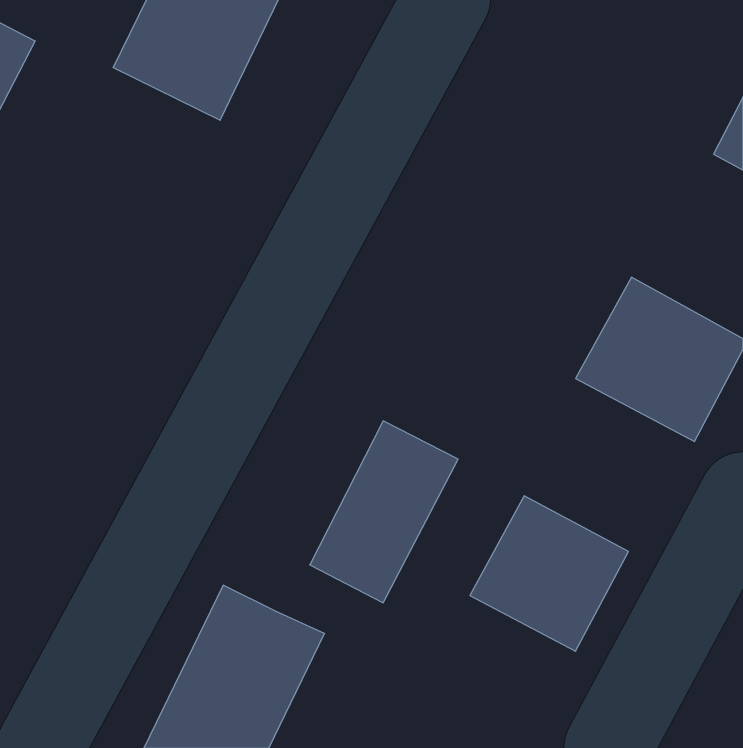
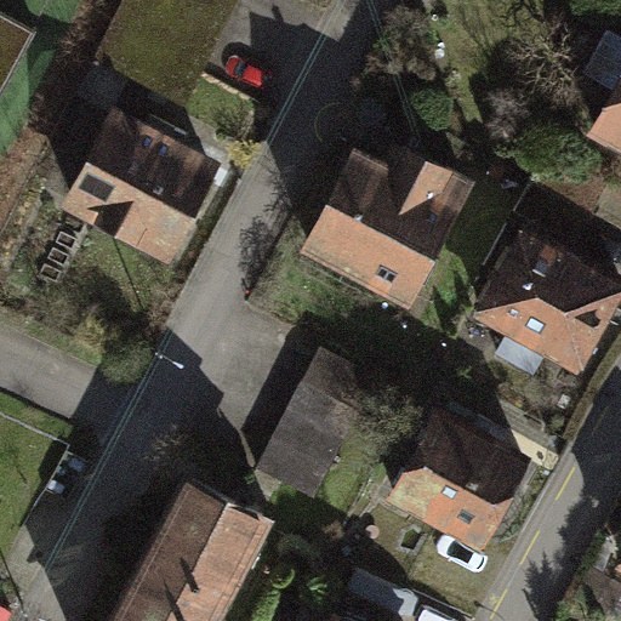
building: none -> [68,112,226,267]
building: none -> [303,144,473,303]

